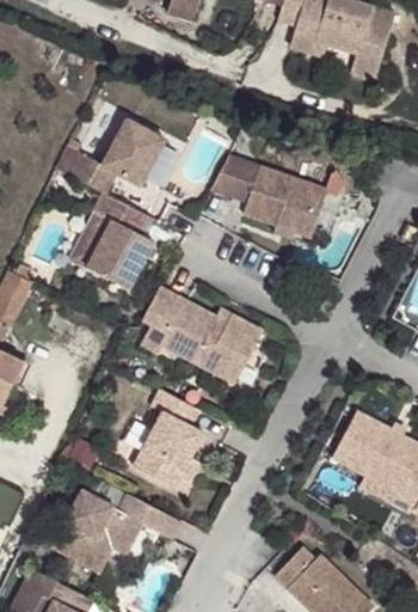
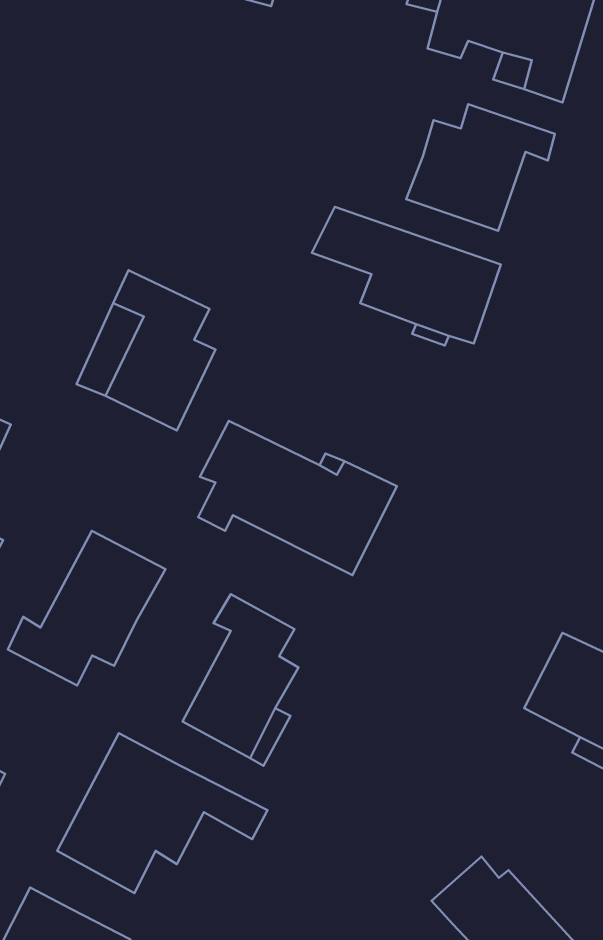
building: none -> [406,104,555,231]
building: [49,115,158,191] -> none
building: none -> [8,531,166,685]

